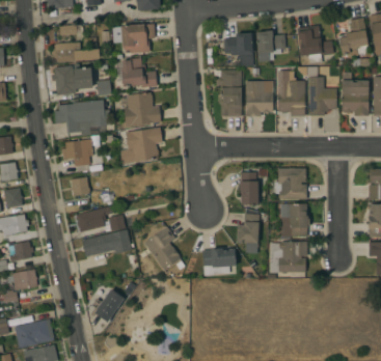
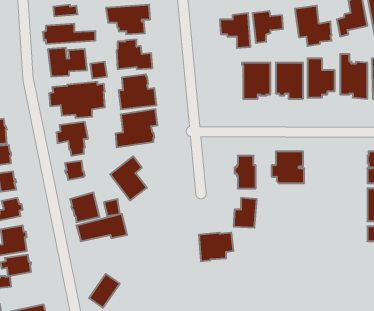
building: [214,70,241,116] -> none
building: [280,203,309,237] -> none
building: [144,226,181,270] -> [110,156,147,201]
building: [270,242,307,278] -> none

